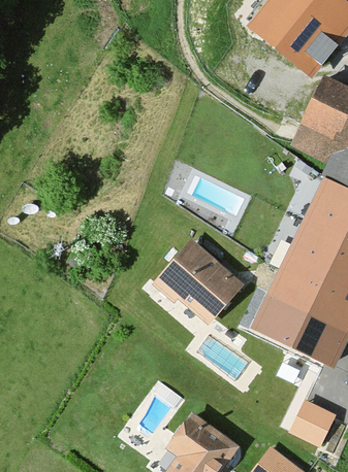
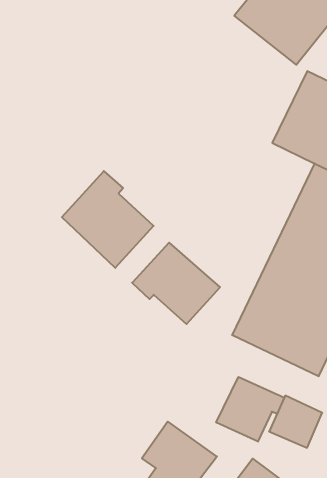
building: none -> [62,171,154,268]
building: none -> [216,377,284,442]

